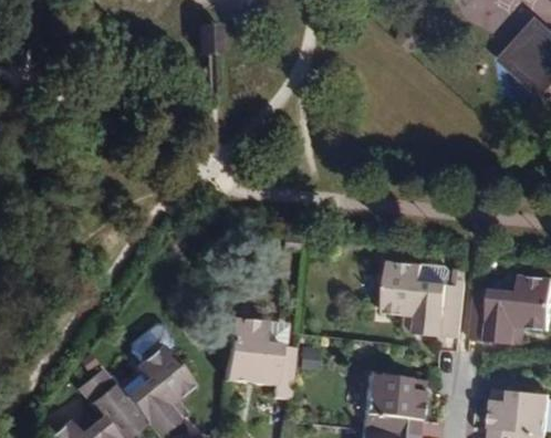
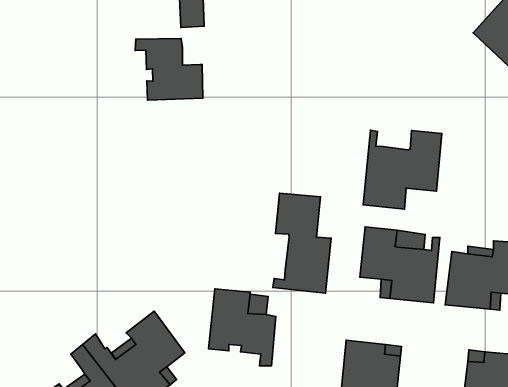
building: none -> [135,39,203,100]
building: none -> [363,130,442,209]
building: none -> [273,193,331,293]

